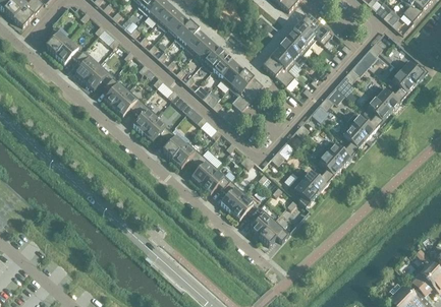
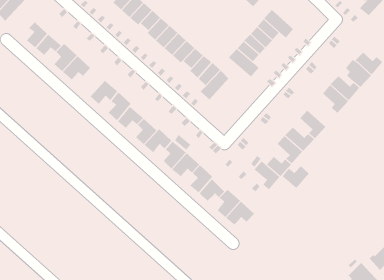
building: [104,75,129,106] -> none
building: [346,111,379,138] -> none
building: none -> [282,166,310,189]

